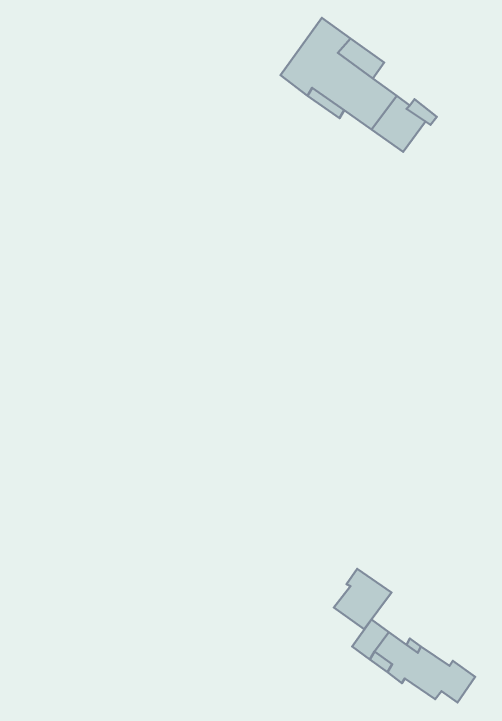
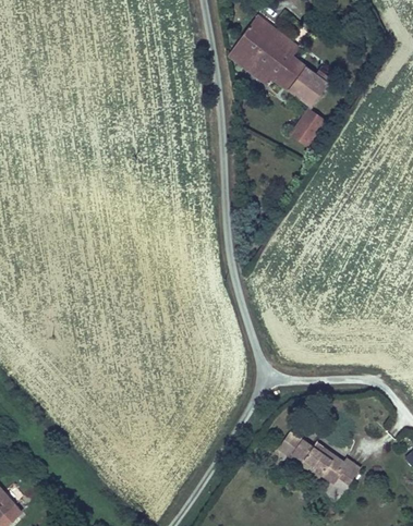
building: none -> [288,108,326,148]
building: [334,569,391,629] -> none

